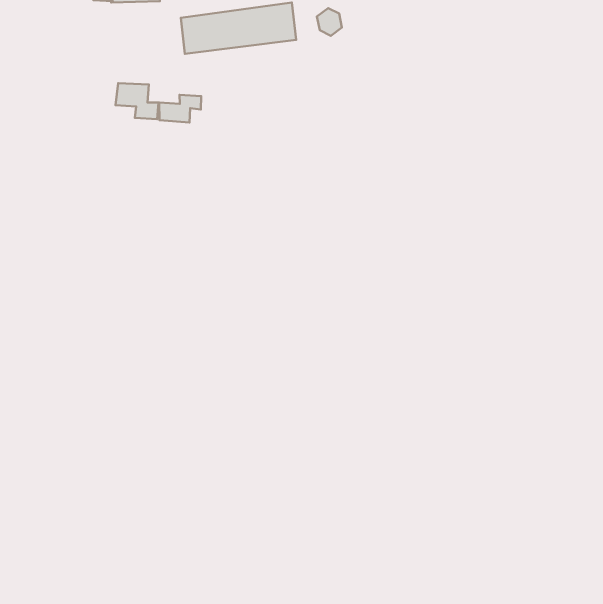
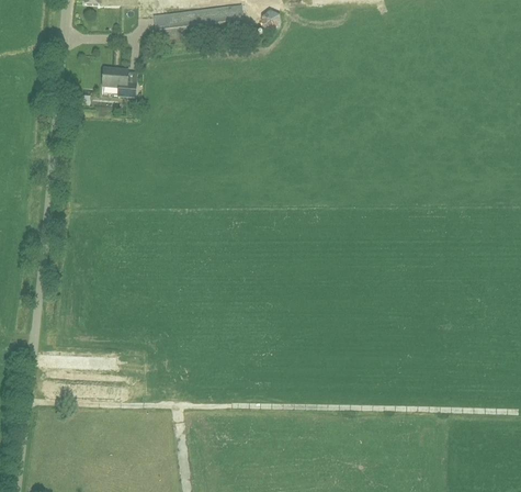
building: [159,95,201,122] -> none

